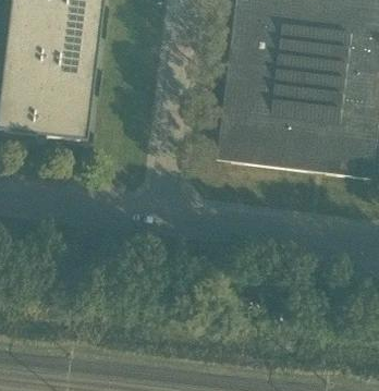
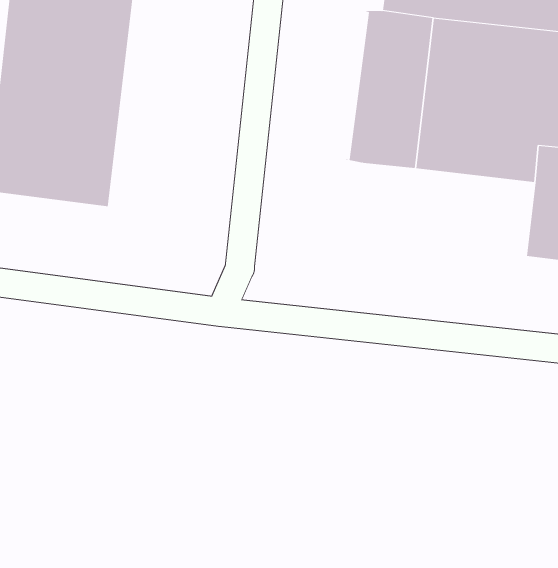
building: [228,109,340,167] -> none

